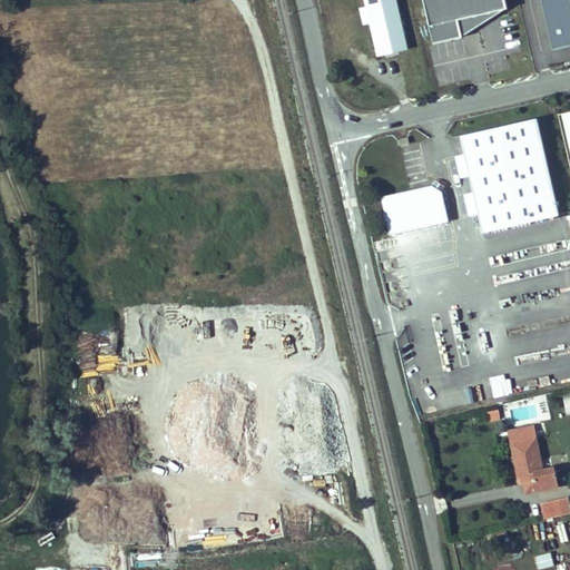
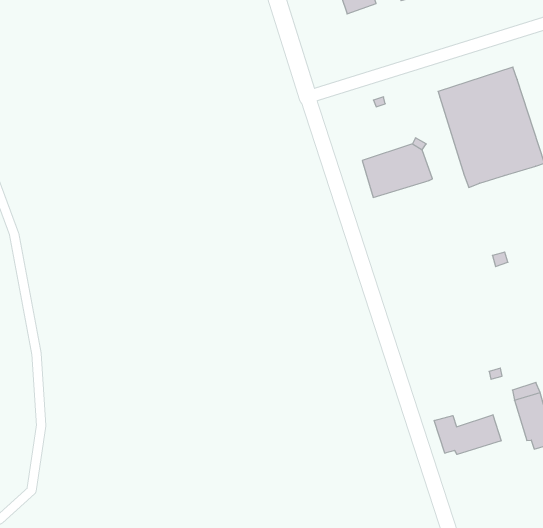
building: none -> [434,415,501,454]

